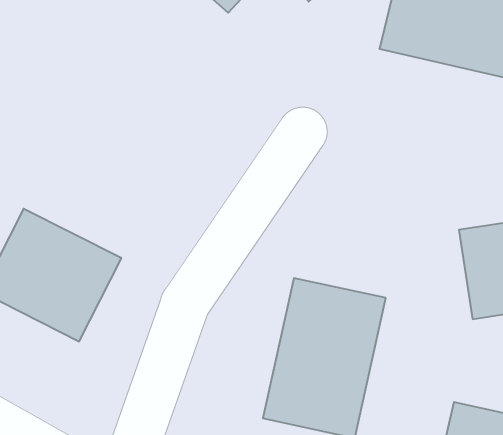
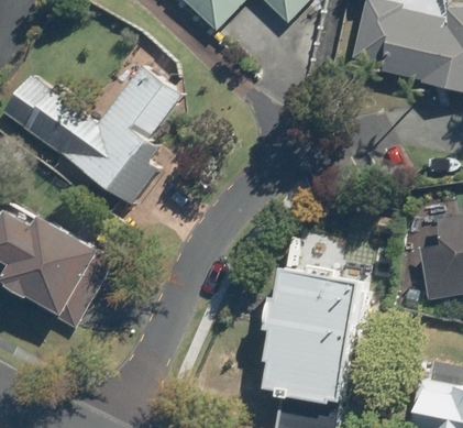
building: none -> [20,67,196,199]

